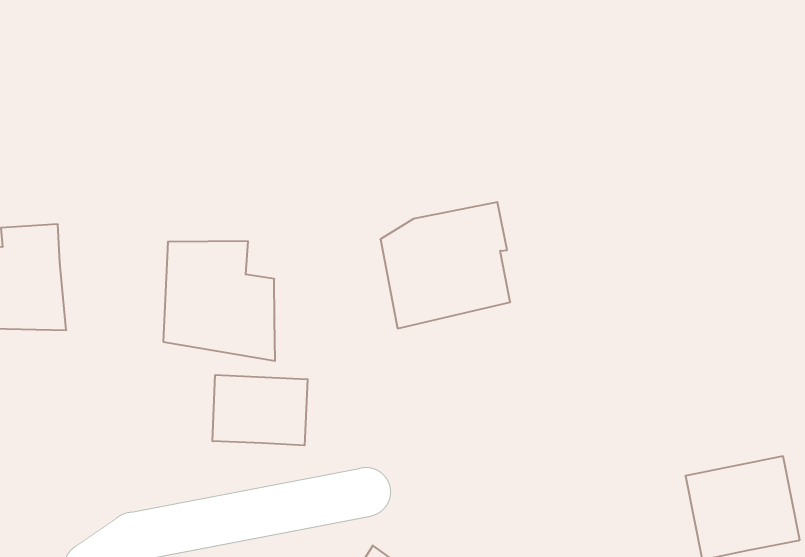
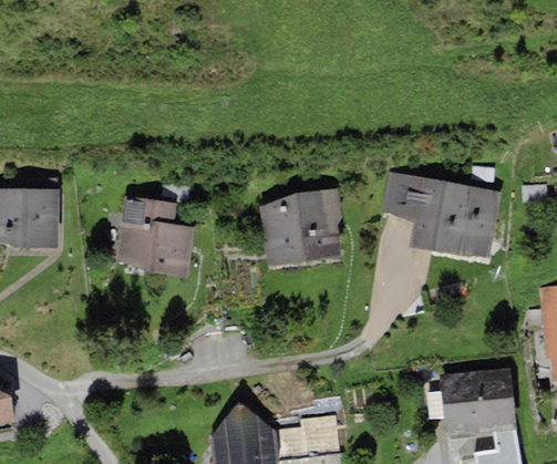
building: none -> [385,174,498,260]
building: [213,375,307,445] -> none

